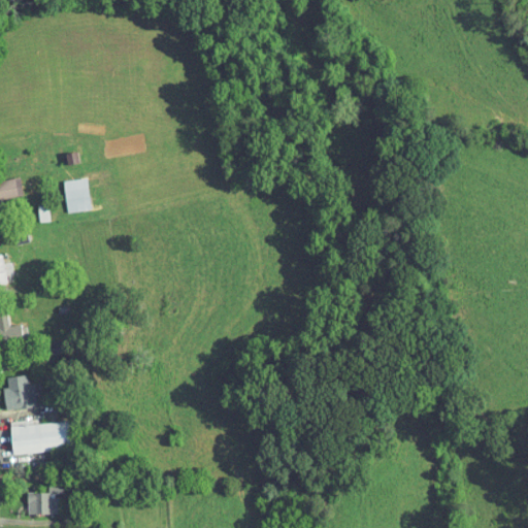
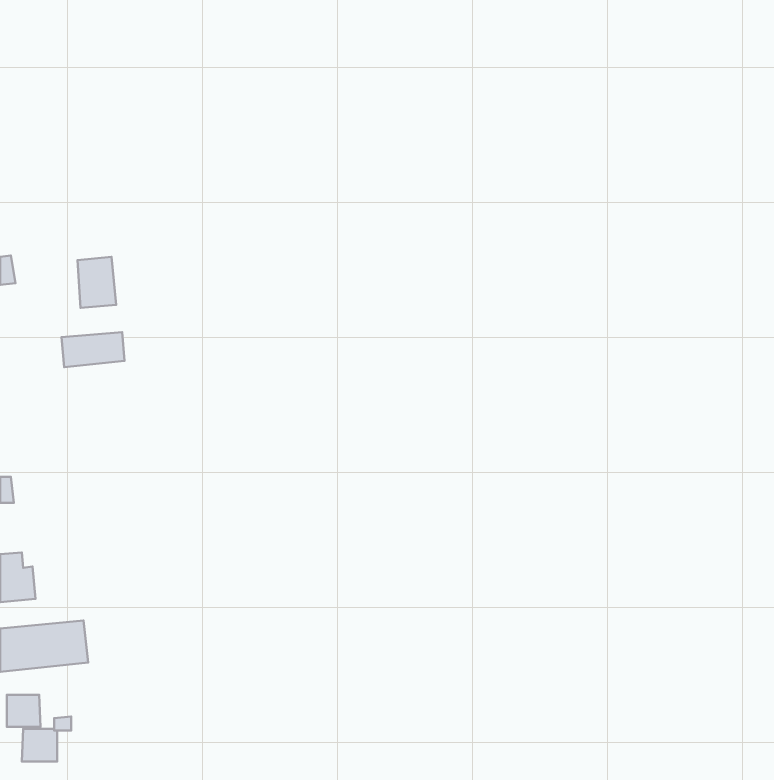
building: none -> [61,332,125,367]
building: none -> [7,695,41,727]

